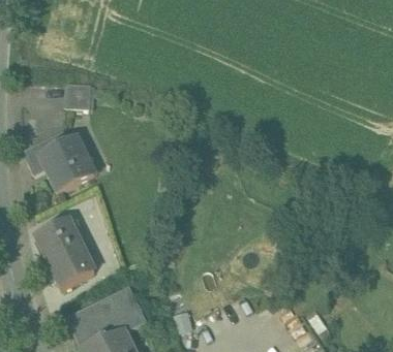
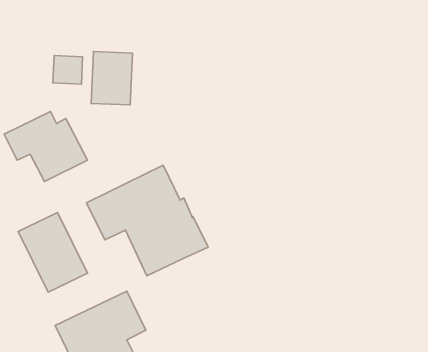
building: none -> [91,52,132,105]
building: none -> [87,165,208,276]

